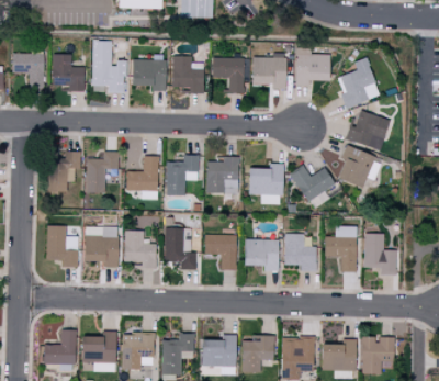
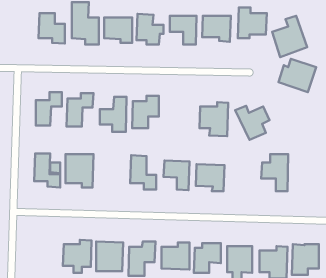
building: [12,53,44,87] -> none
building: [338,145,382,188] -> none
building: [206,156,238,193] -> none
building: [124,231,157,268] -> none
building: [284,233,317,270] -> none
building: [364,233,397,274] -> none
building: [44,329,75,363] -> none

